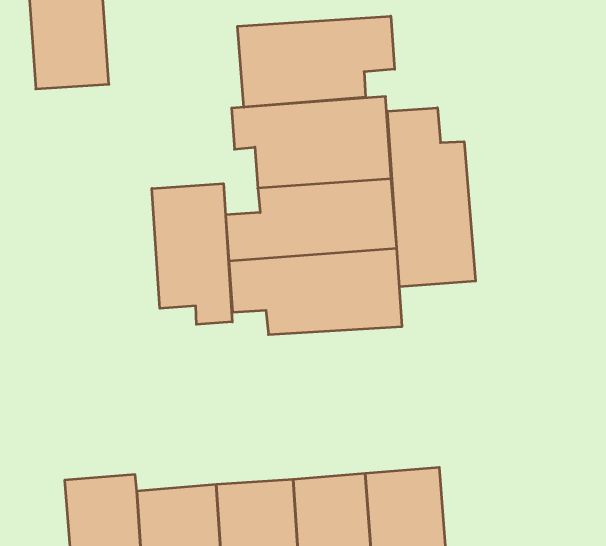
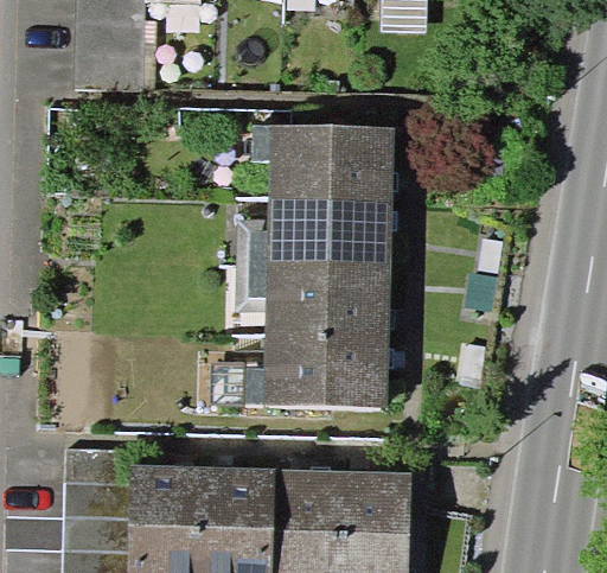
building: [238,16,395,107] -> none
building: [388,108,476,287] -> none
building: [152,184,232,324] -> none
building: none -> [245,333,389,408]

